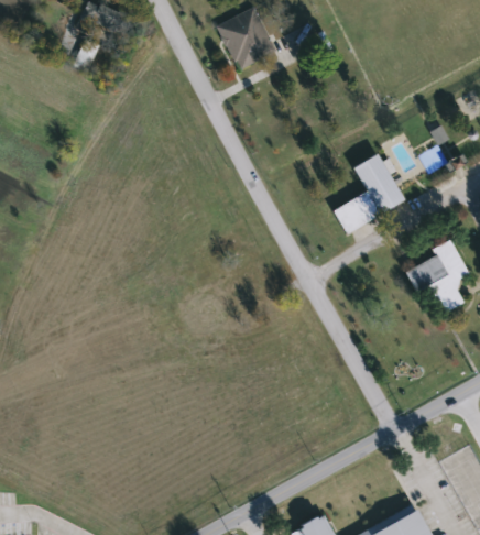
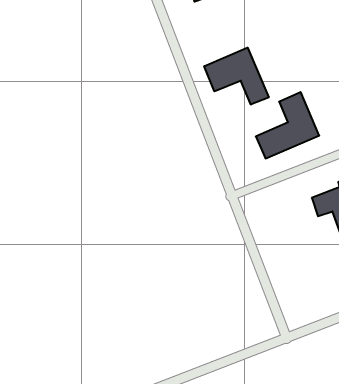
building: none -> [204,48,269,105]

